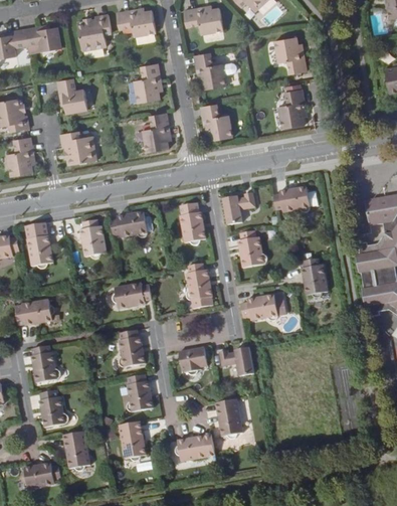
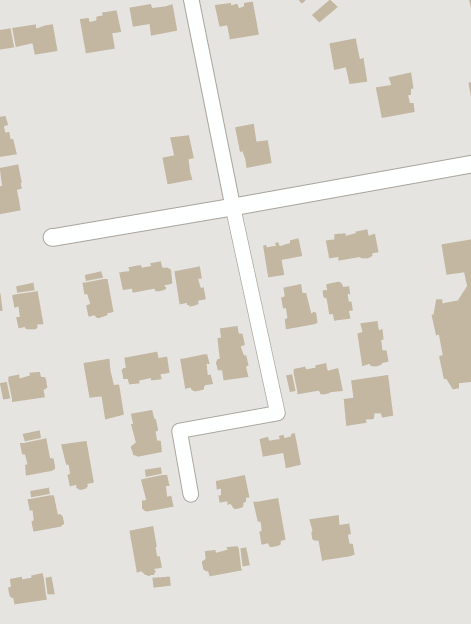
building: [193,57,228,92] -> none
building: [129,61,161,99] -> none
building: [58,76,87,112] -> none
building: [273,90,306,127] -> [375,72,416,119]
building: [61,130,96,165] -> none
building: [183,210,209,243] -> [174,266,207,308]
building: none -> [322,281,354,322]
building: none -> [179,353,214,392]
building: none -> [83,358,125,420]
building: none -> [343,374,394,427]
building: [178,346,206,374] -> [215,474,251,510]
building: none -> [308,514,355,562]
building: [63,431,90,471] -> [60,440,95,491]

